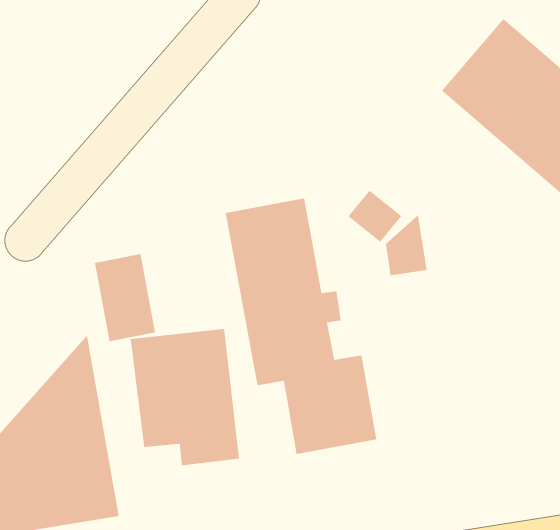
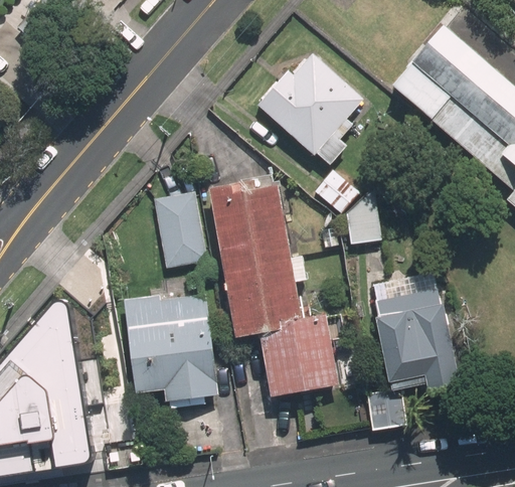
building: none -> [253,54,365,167]
building: [94,254,156,342] -> [154,190,208,268]
building: none -> [364,289,458,431]

